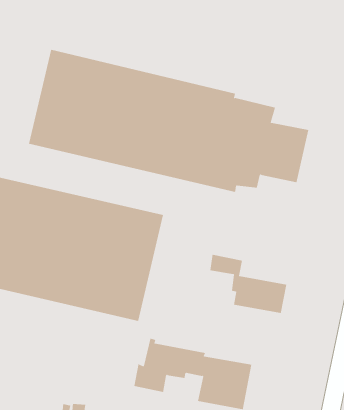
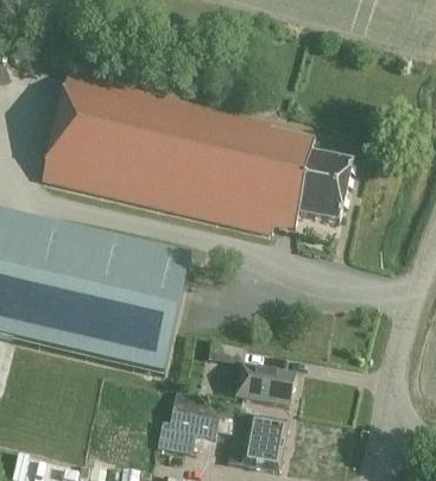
building: [210,254,287,313] -> [209,340,295,405]

